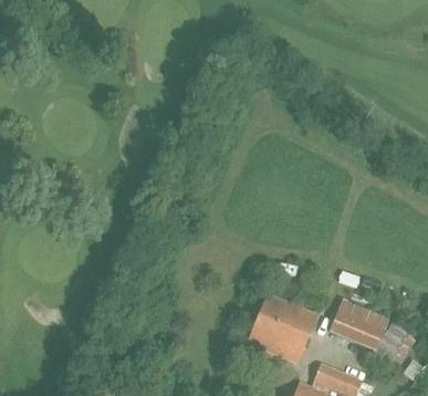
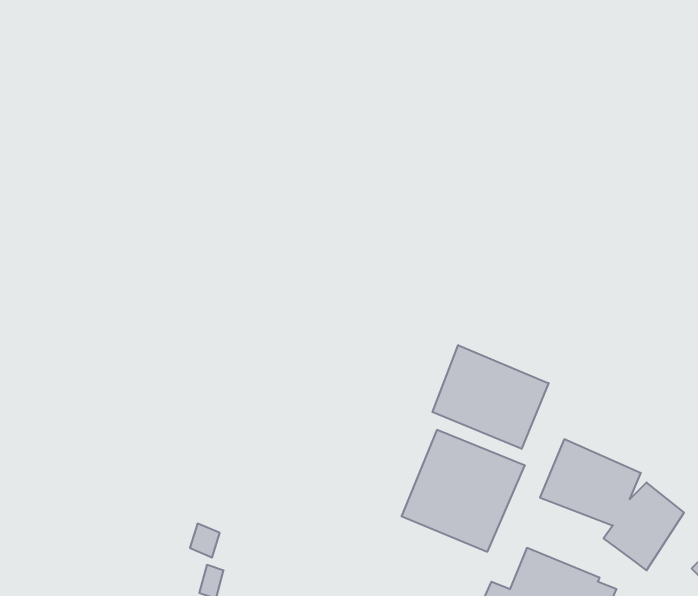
building: none -> [432,345,549,449]

